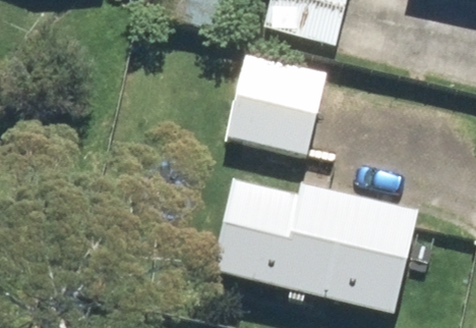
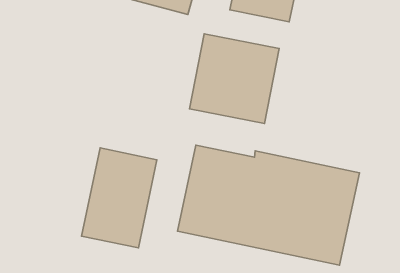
building: none -> [82,148,157,248]

